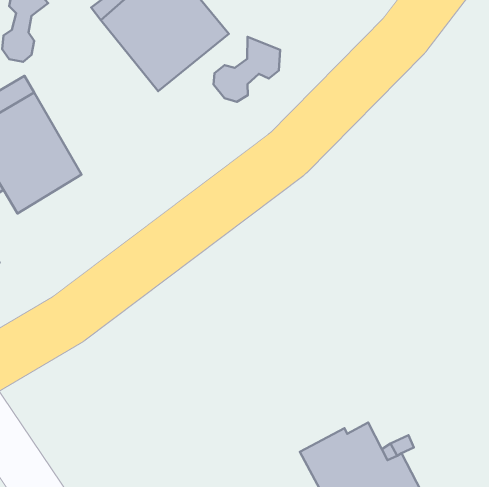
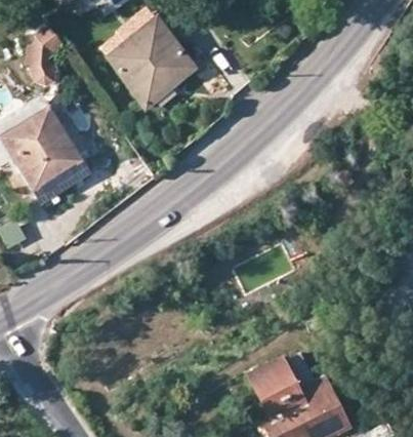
building: [214,37,280,102] -> none

